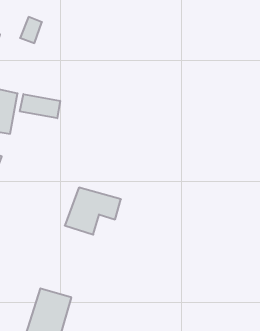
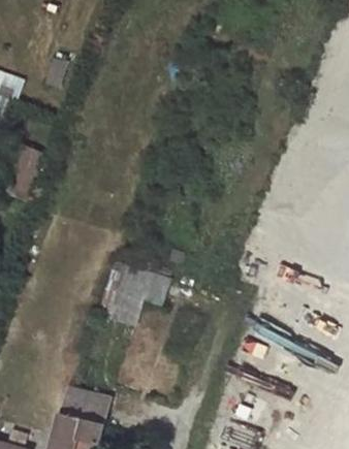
building: [20,94,60,118] -> none

